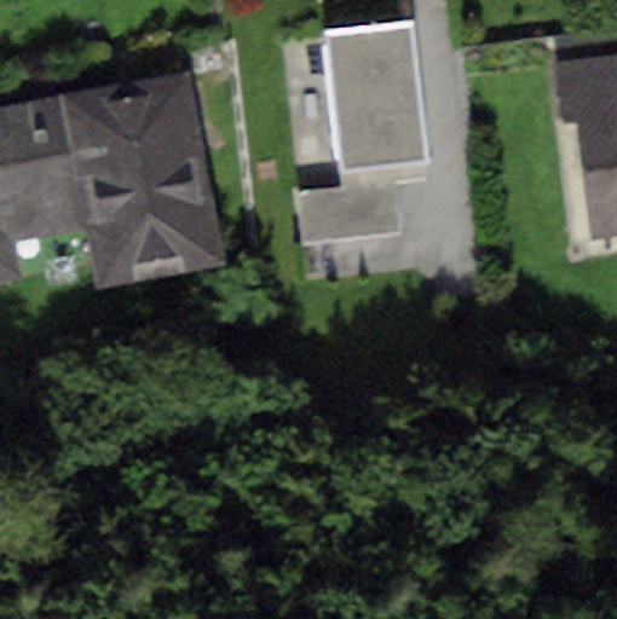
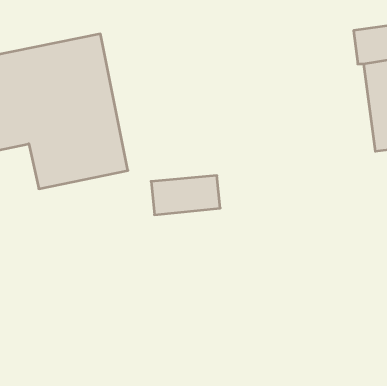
building: [322,25,431,174] -> none
building: [299,186,399,243] -> [151,176,220,215]

